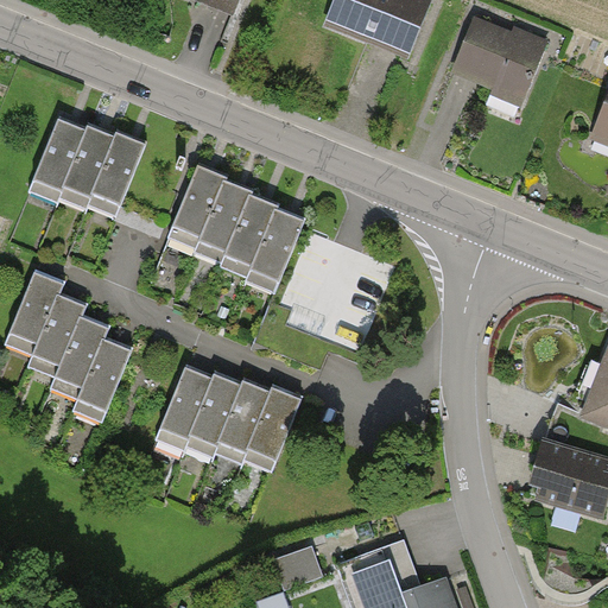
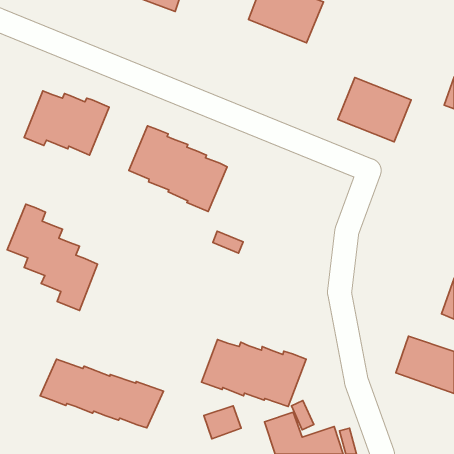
building: [450,18,547,103] -> [338,78,411,142]
building: [160,373,299,462] -> [201,339,306,406]
building: none -> [40,359,163,428]

